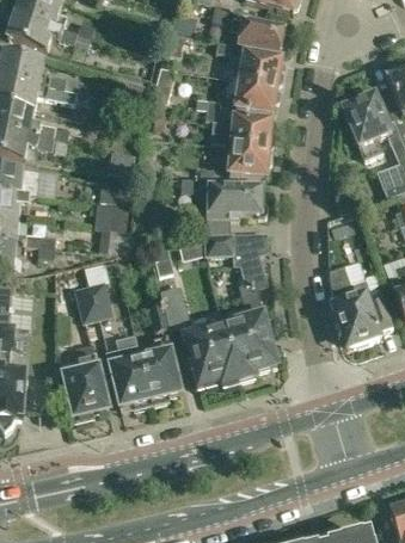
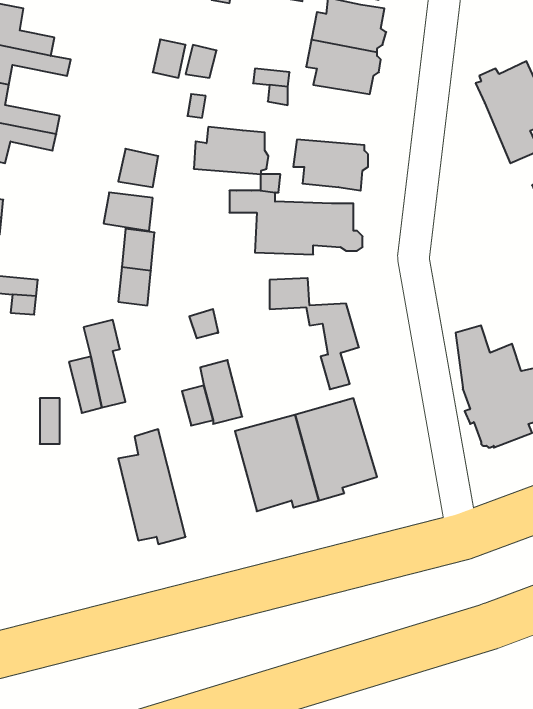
building: [223,115,272,146] -> [194,127,268,174]
building: [139,334,179,402] -> none
building: [63,341,106,421] -> none

